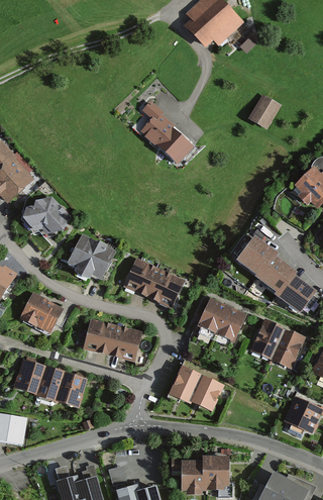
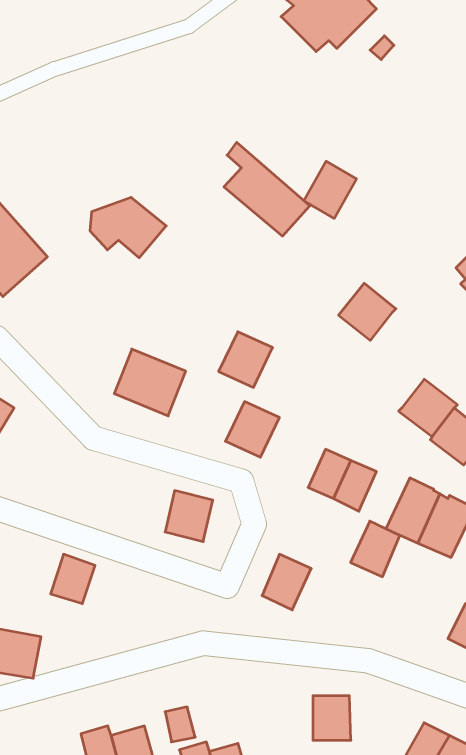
building: [246,93,280,129] -> [304,161,356,218]
building: [28,200,77,238] -> [90,197,166,258]
building: [238,237,275,274] -> [339,283,396,340]
building: [124,260,158,295] -> [219,332,273,387]
building: [20,295,60,330] -> none
building: [85,321,114,353] -> none
building: [15,361,43,392] -> none
building: [56,374,84,404] -> none
building: [189,376,220,411] -> [351,521,400,577]
building: [171,461,202,490] -> none

